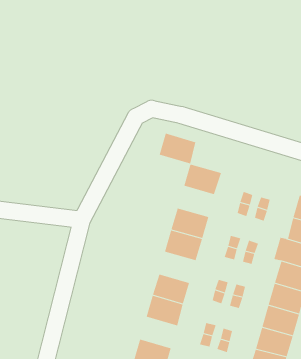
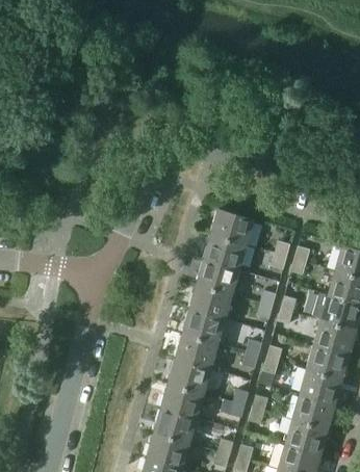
building: [159,133,196,164] -> [202,235,245,270]
building: none -> [181,310,224,345]
building: none -> [159,384,203,419]

